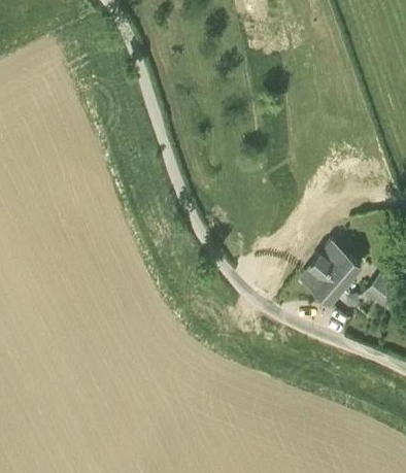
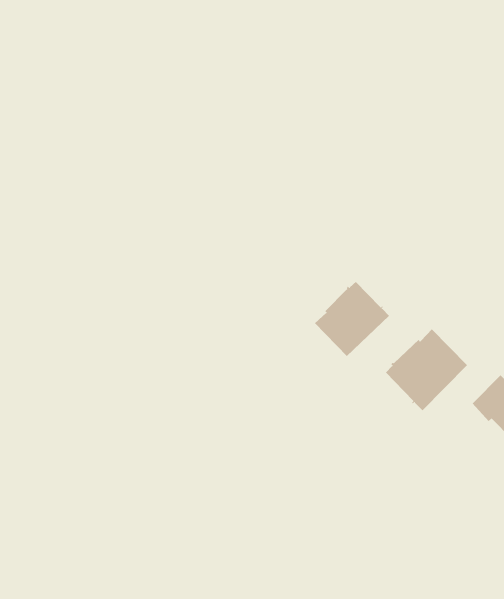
building: none -> [314,281,390,357]

